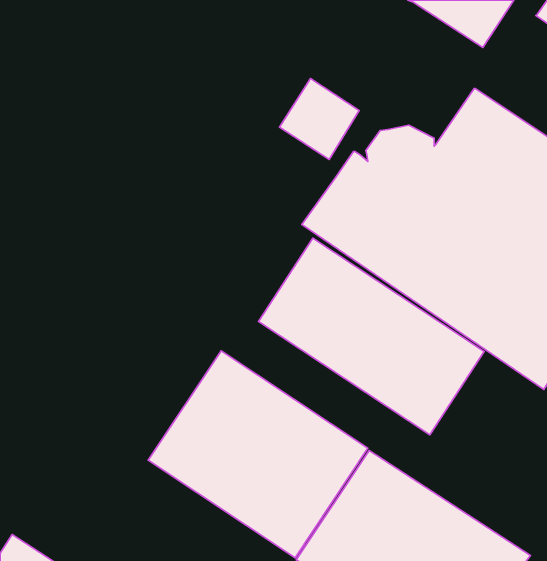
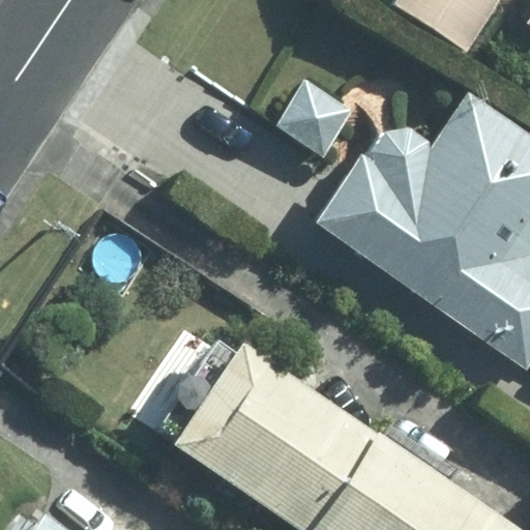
building: [258,238,484,435] -> none

